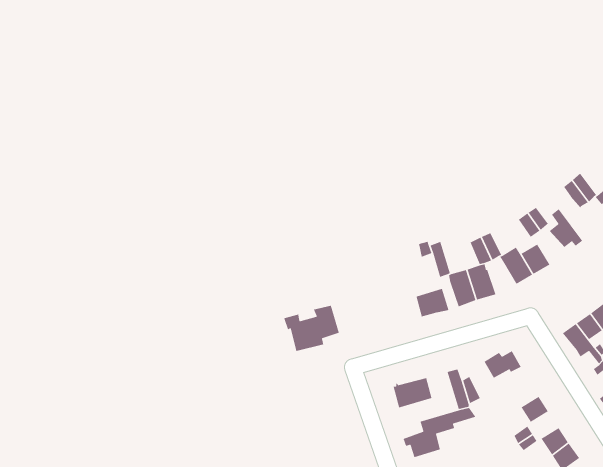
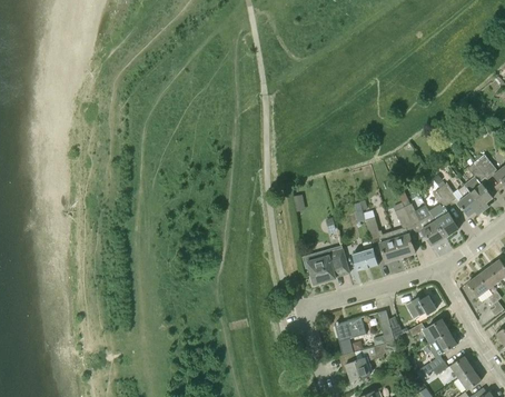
building: none -> [464,176,494,210]
building: [283,305,340,352] -> [304,247,348,284]
building: none -> [409,318,449,344]

